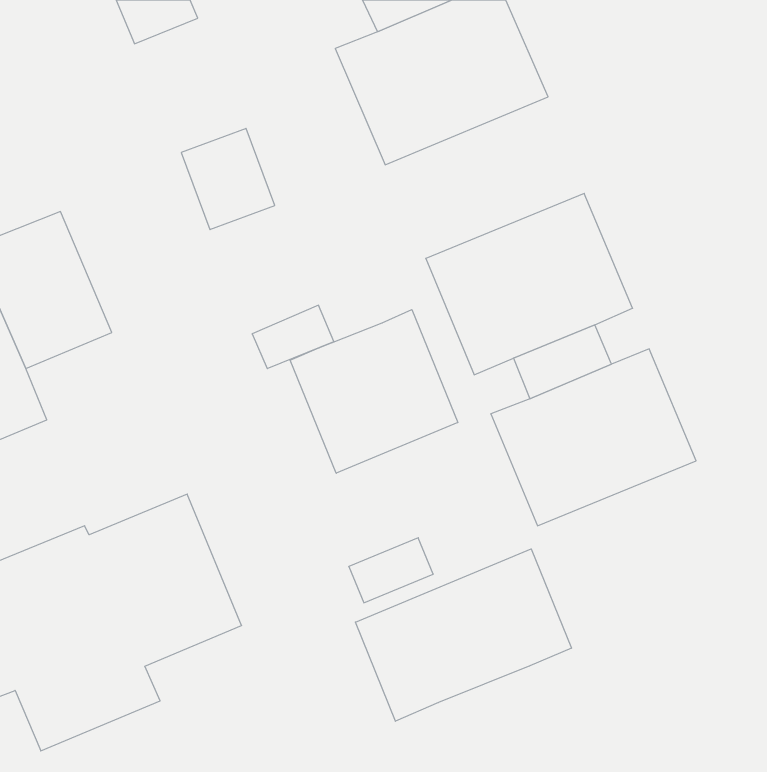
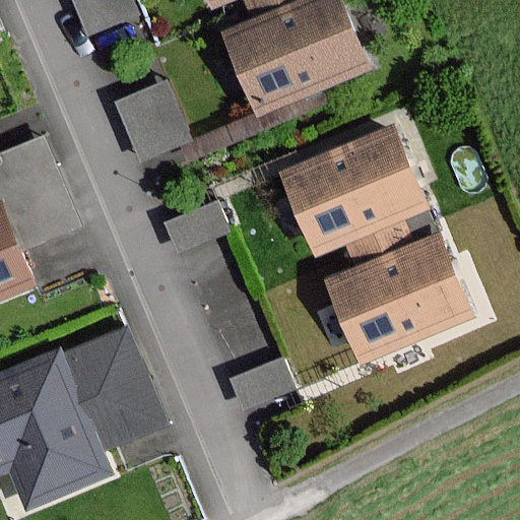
building: [290,310,458,473] -> none
building: [355,549,571,721] -> none

